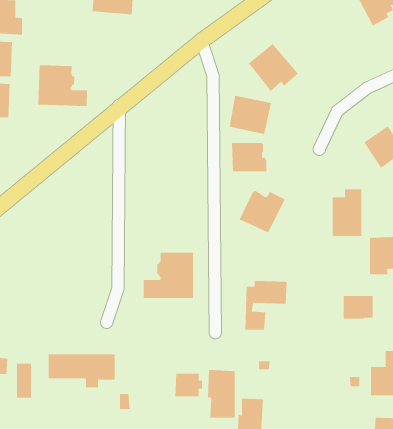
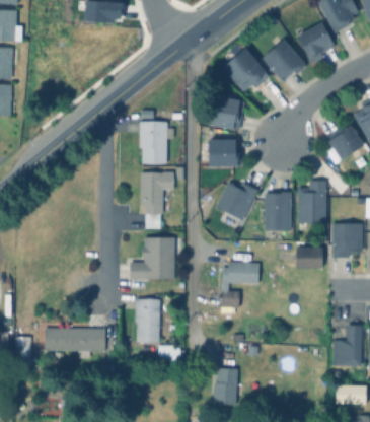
building: none -> [297,23,335,64]
building: none -> [263,40,305,81]
building: [38,64,88,107] -> none
building: none -> [139,122,173,164]
building: none -> [139,170,173,228]
building: none -> [262,190,291,230]
building: [343,296,373,319] -> [295,247,322,268]
building: [207,370,235,418] -> [134,297,159,341]

